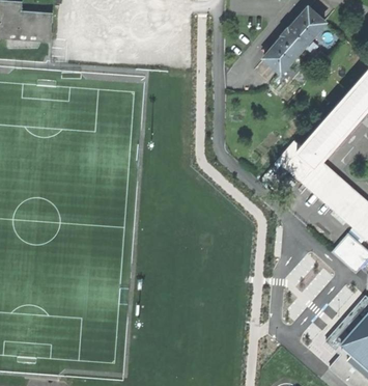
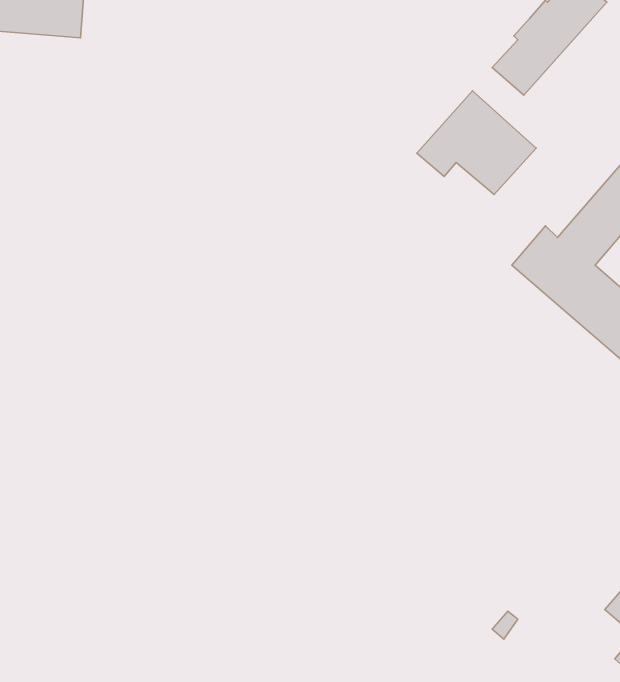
building: none -> [417,91,536,195]

